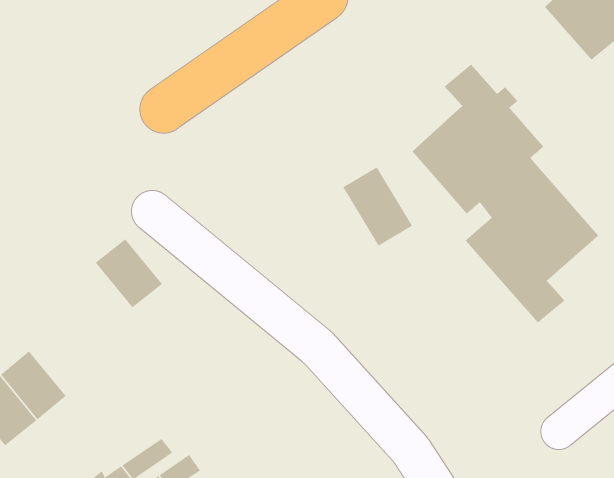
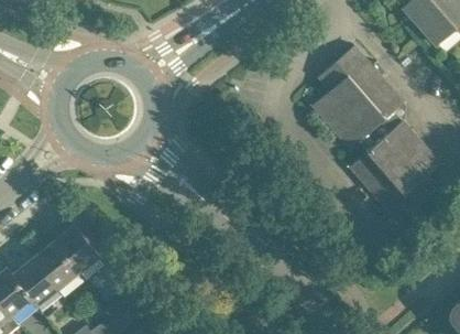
building: [343,167,413,246] -> none
building: [95,239,163,308] -> [53,225,99,272]

